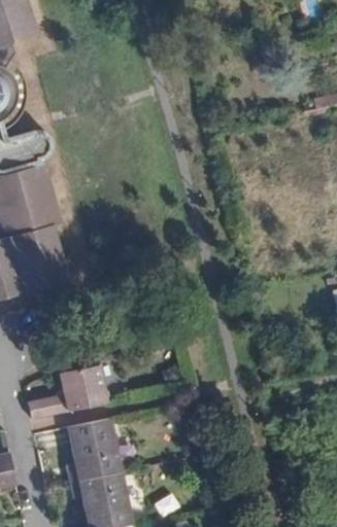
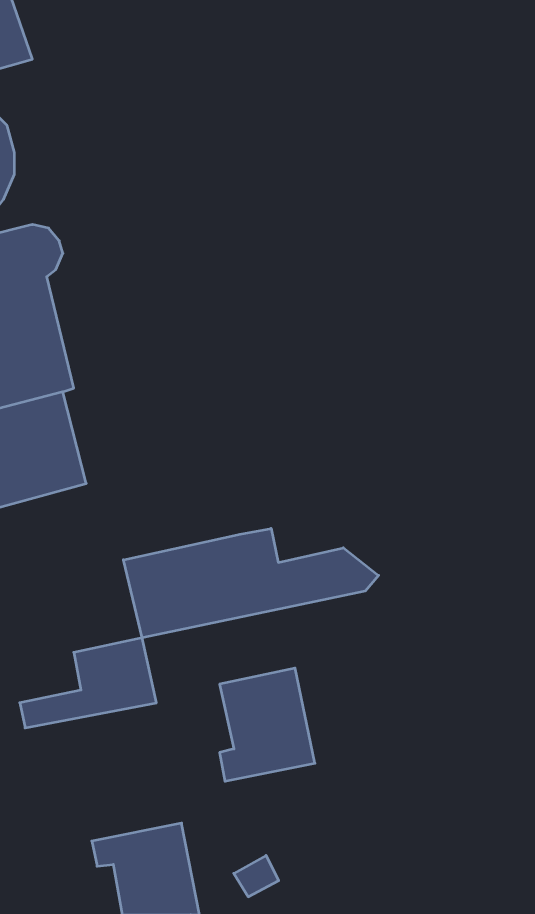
building: none -> [123,528,379,638]
building: [66,418,121,483] -> [220,668,315,781]

